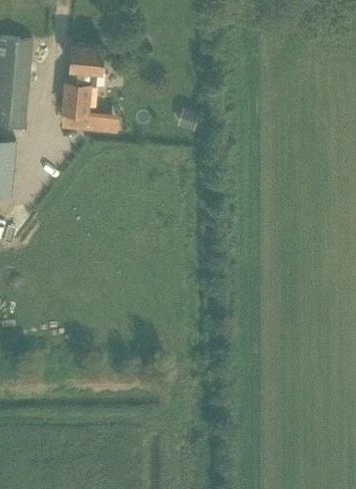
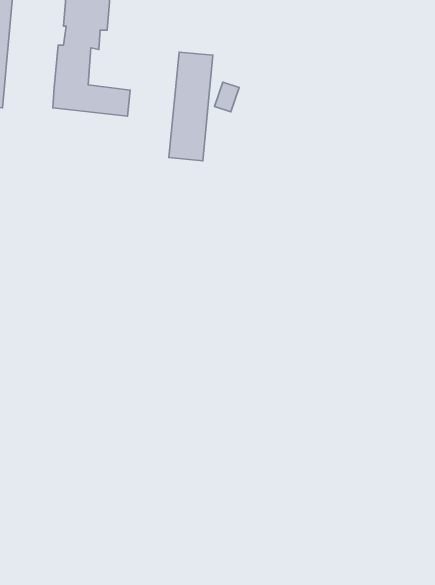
building: none -> [169,52,213,161]

